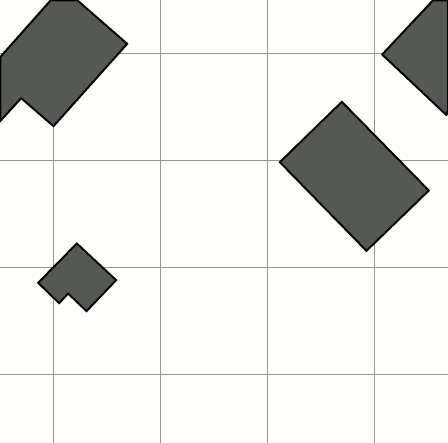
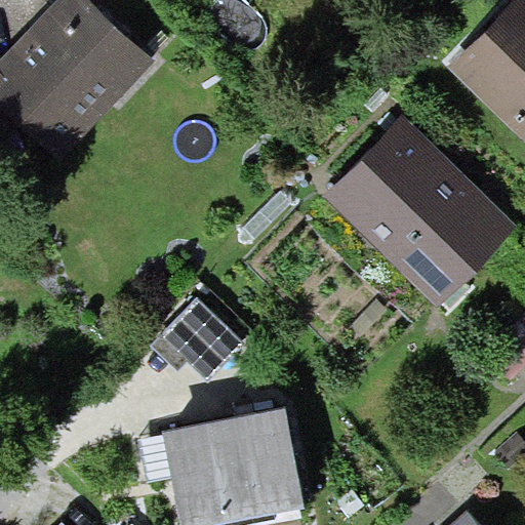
building: [38,243,116,311] -> [154,298,245,377]
building: none -> [163,395,309,519]

